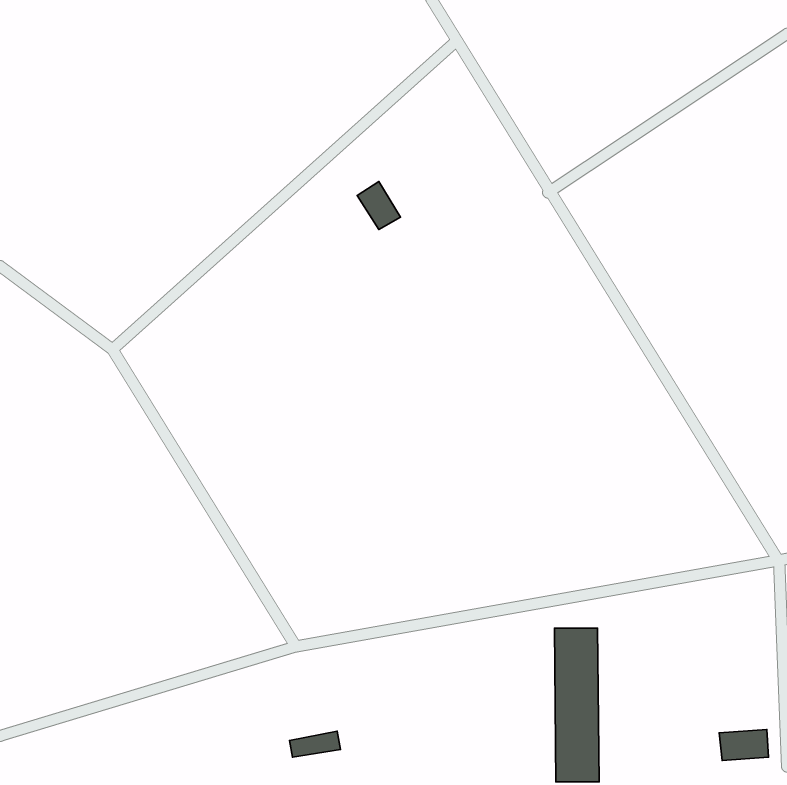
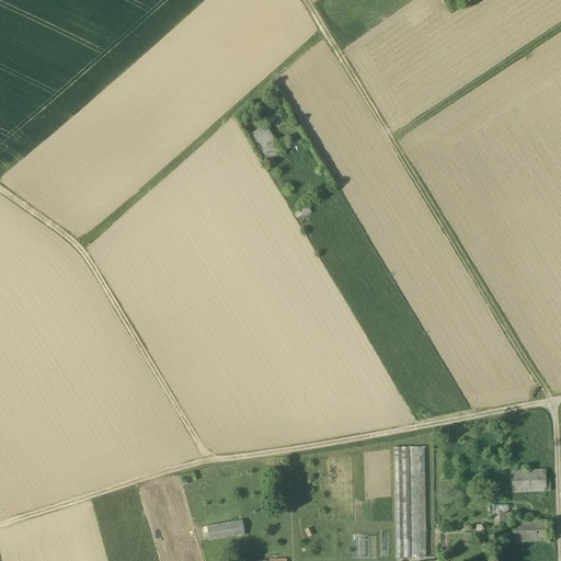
building: none -> [511,469,546,492]

